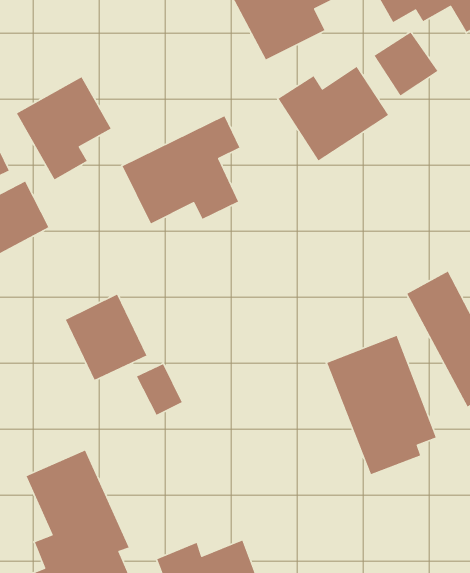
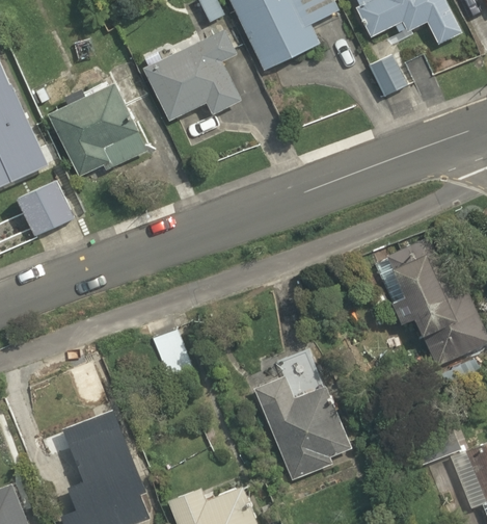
building: [277,66,389,162] -> none
building: [122,115,240,225] -> [141,25,244,120]
building: [65,294,148,381] -> none
building: [326,335,437,475] -> [252,361,348,482]

